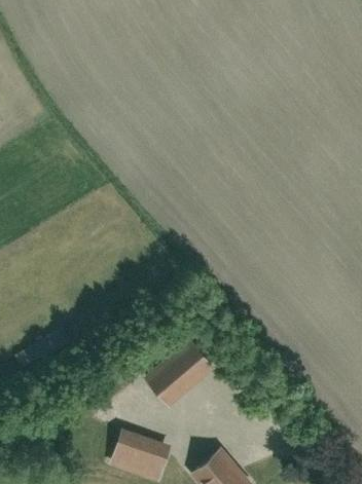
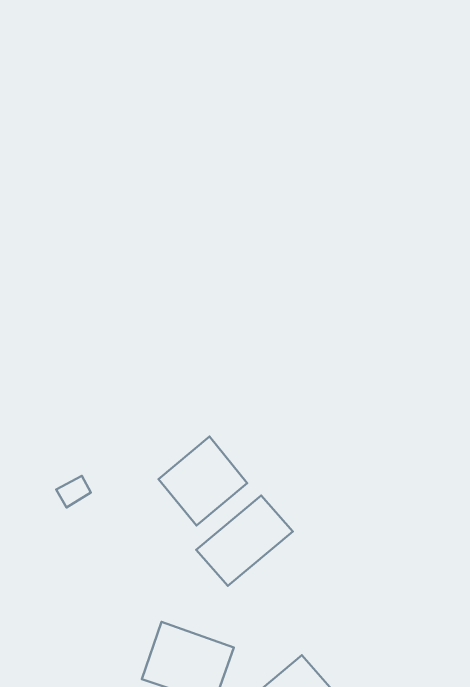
building: none -> [159,437,247,526]

